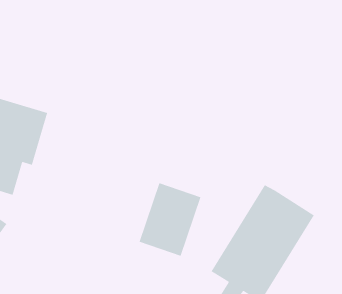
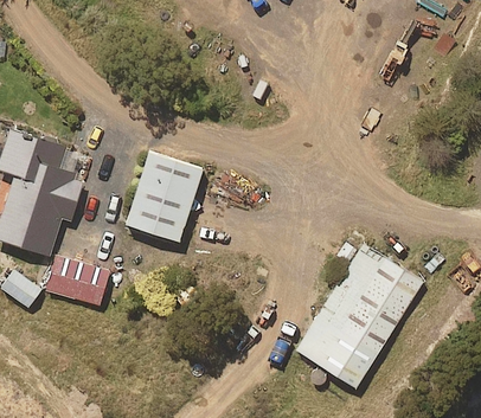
building: [139,182,201,257] -> [128,152,205,243]
building: none -> [46,253,110,306]

